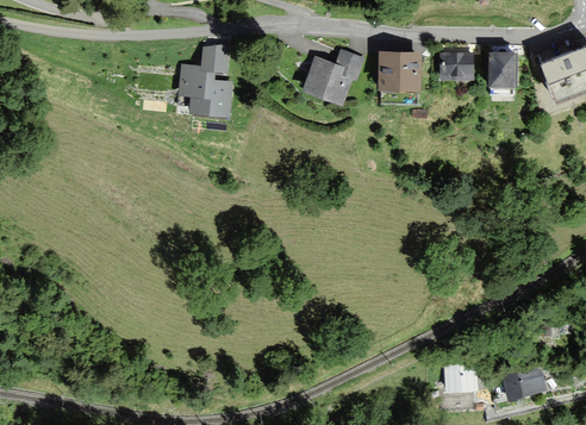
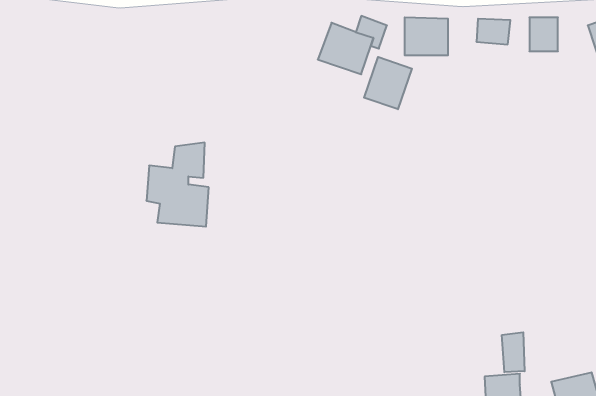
building: [181,44,236,118] -> [146,143,209,227]
building: none -> [364,57,412,109]
building: none -> [502,332,525,372]

